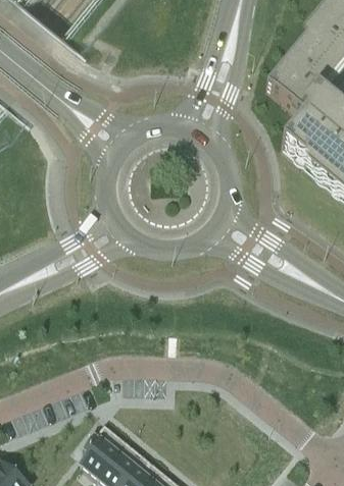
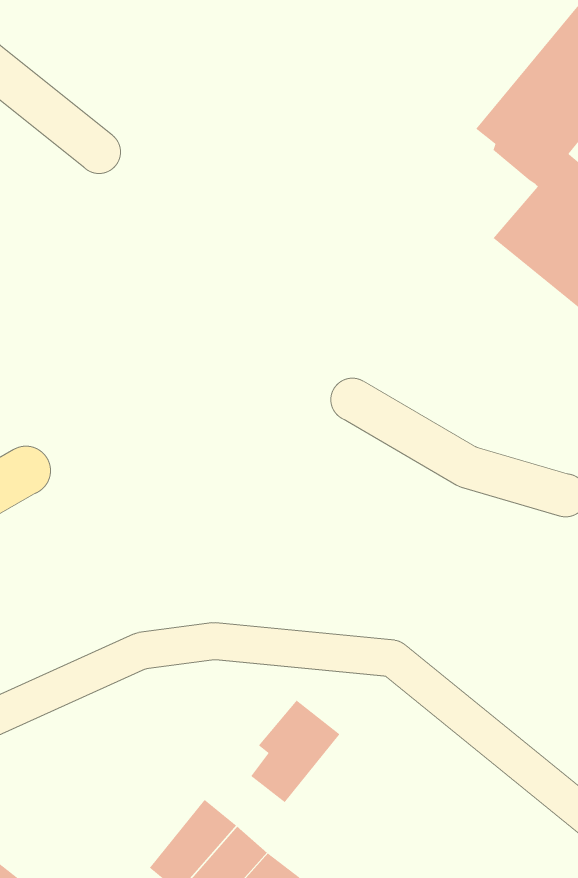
building: [78,421,126,476] -> [250,700,341,803]

